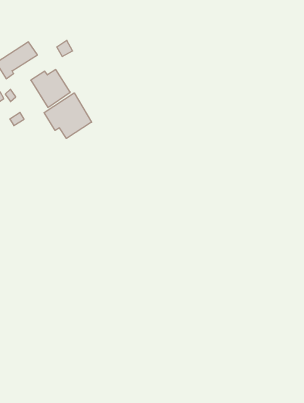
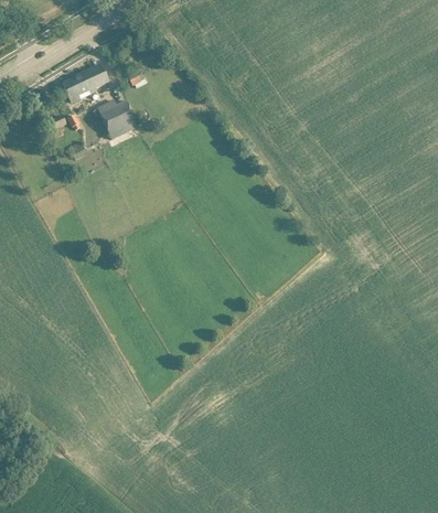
building: [44,93,92,138] -> none

